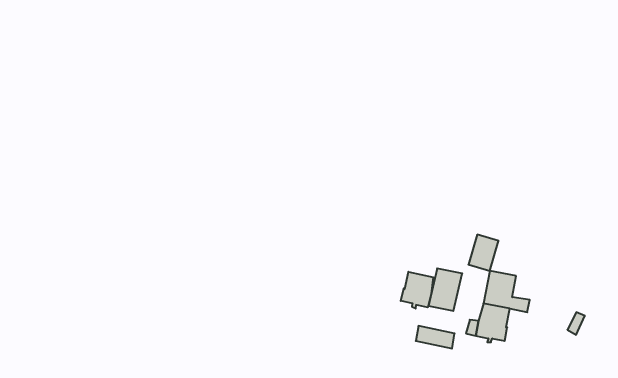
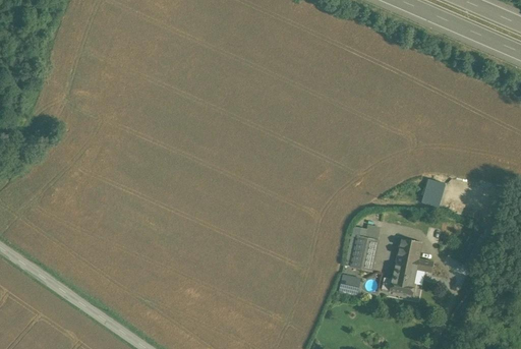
building: [468,235,499,271] -> [418,177,443,207]
building: [401,272,433,309] -> none

